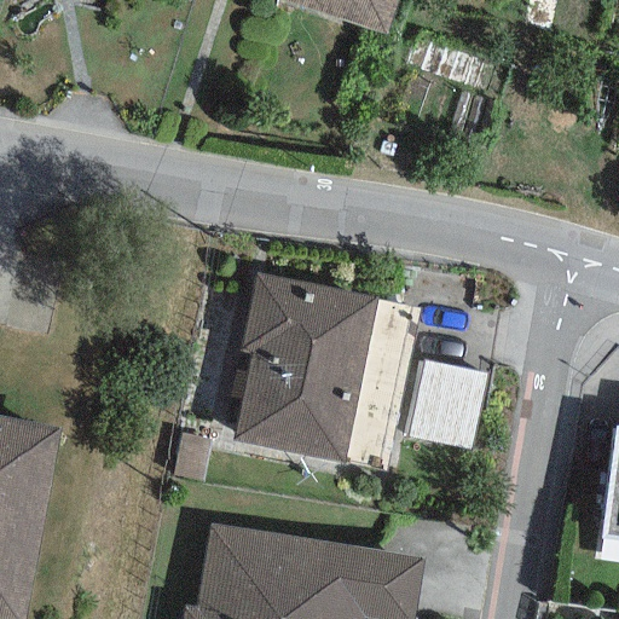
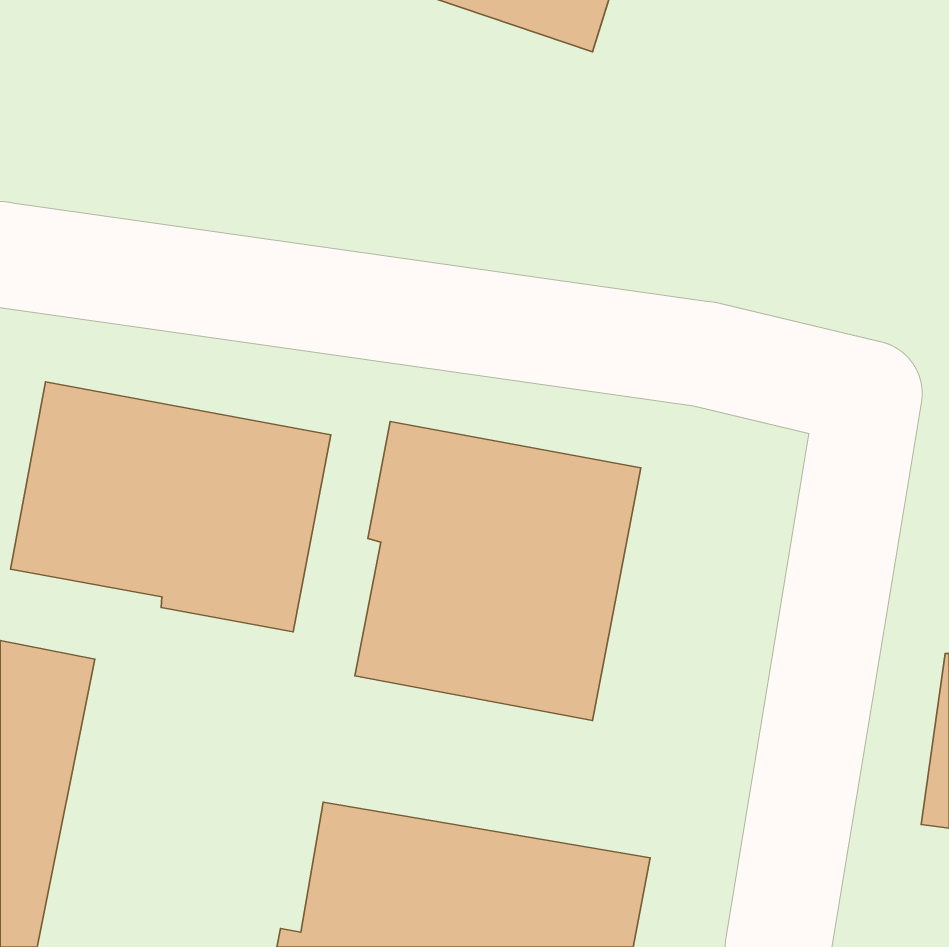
building: none -> [11,382,331,632]
building: [407,361,485,449] -> none

